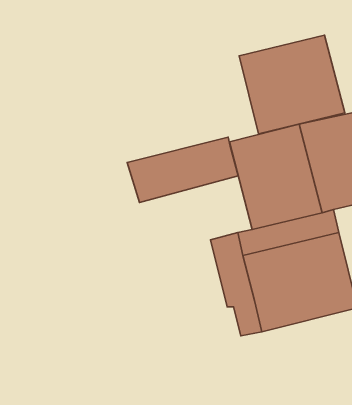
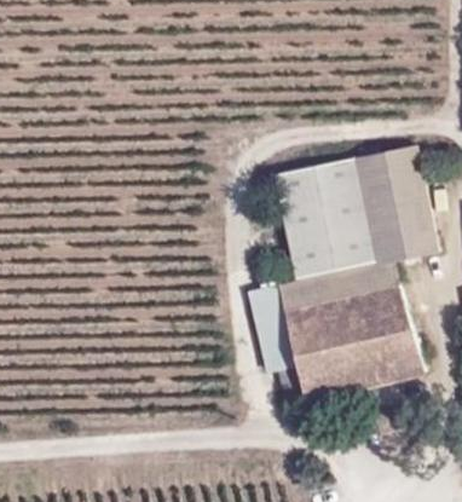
building: [239,35,345,134] -> none
building: [127,137,238,203] -> none

